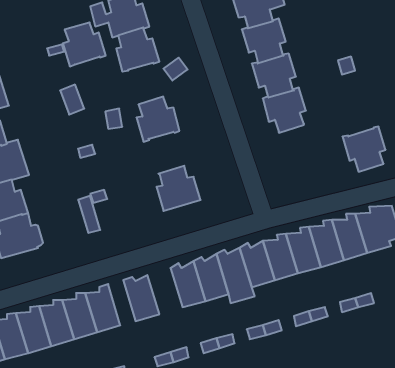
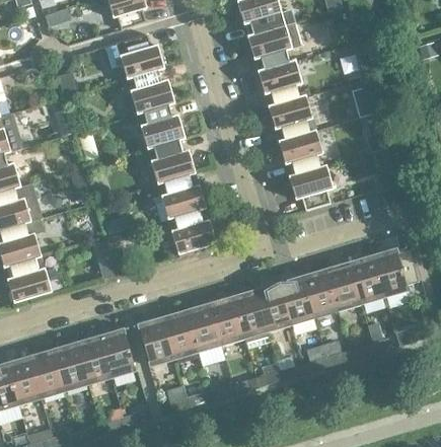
building: [63,22,106,66] -> [140,103,183,148]
building: [342,127,386,172] -> [288,164,332,210]
building: none -> [153,172,205,220]
building: none -> [161,311,197,358]

